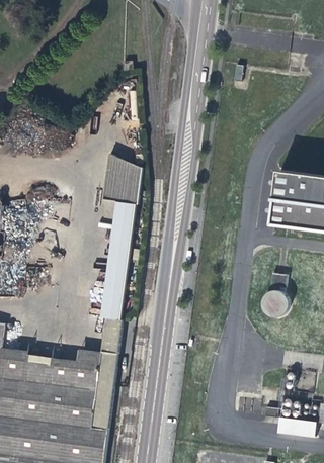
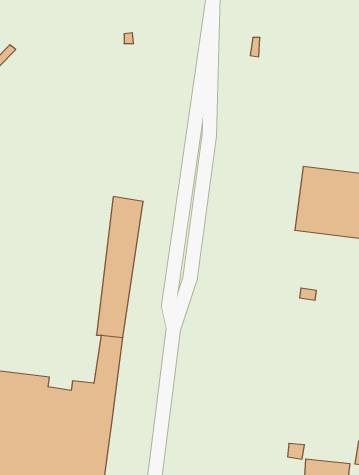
building: [102,151,141,201] -> none
building: [257,286,289,317] -> none

